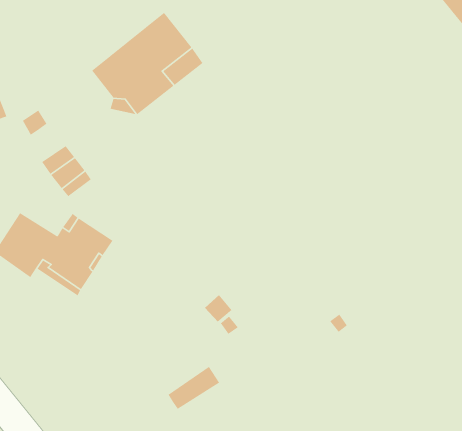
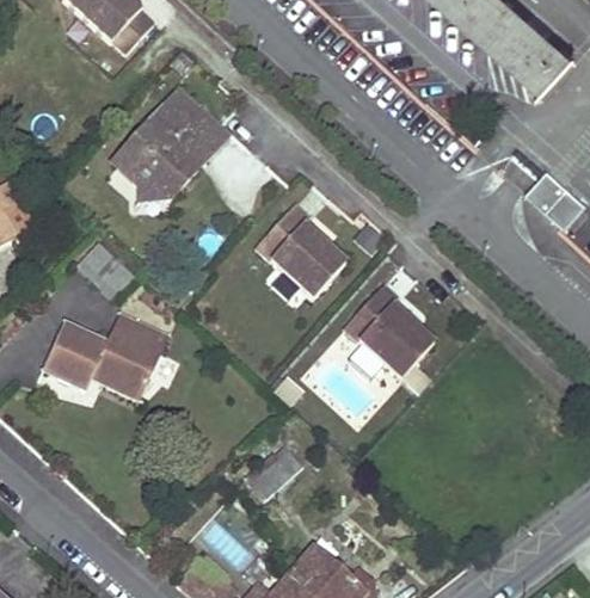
building: none -> [254,204,343,297]
building: none -> [344,285,431,378]

